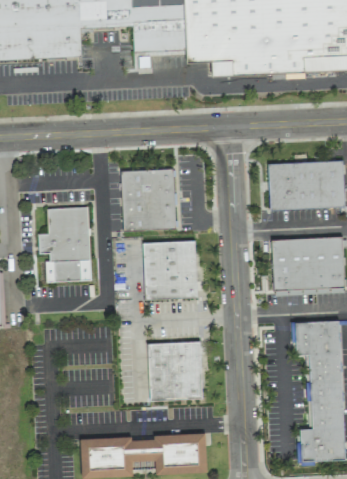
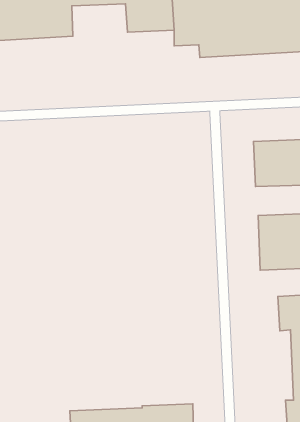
building: [122,168,176,230] -> none
building: [38,206,90,281] -> none
building: [143,240,198,299] -> none
building: [148,341,203,400] -> none

